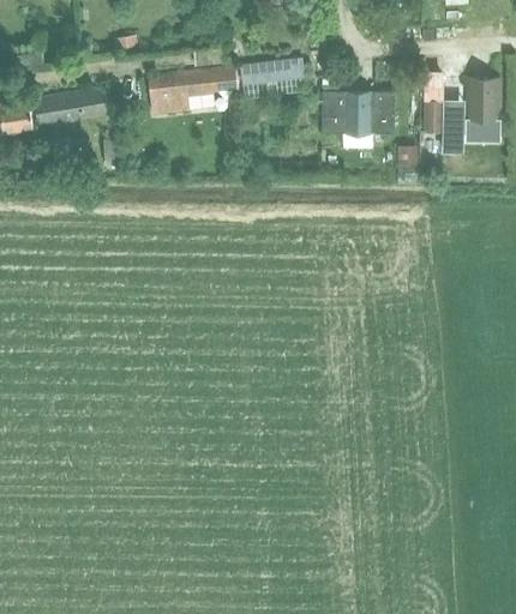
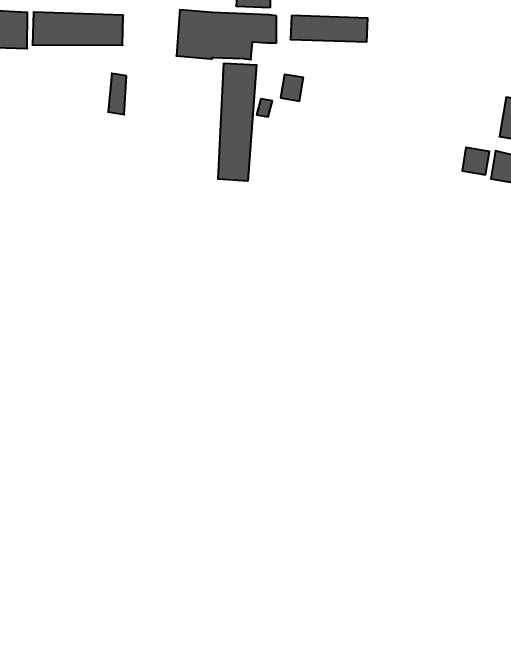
building: [322,92,395,134] -> none
building: none -> [218,63,257,181]

